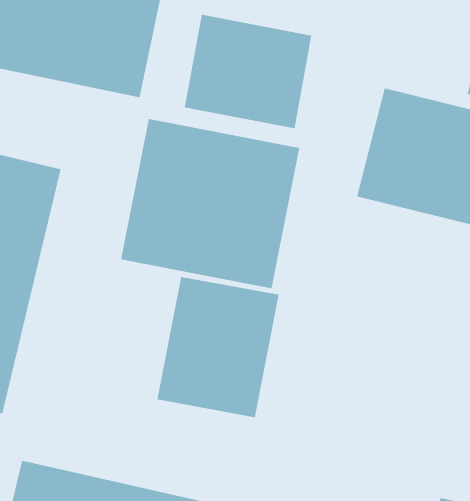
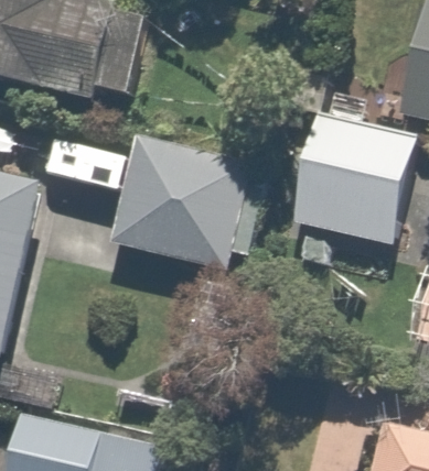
building: [184,14,312,129] -> none
building: [157,276,279,418] -> none

